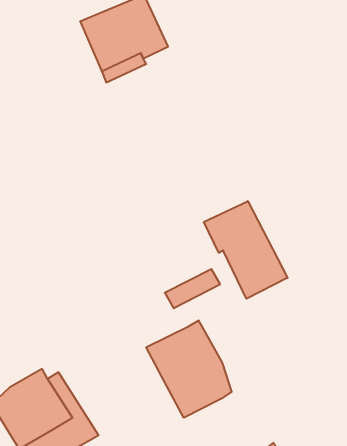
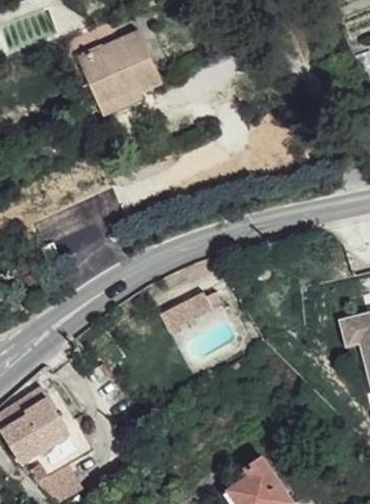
building: [204,201,288,299] -> none
building: [146,320,232,418] -> none

